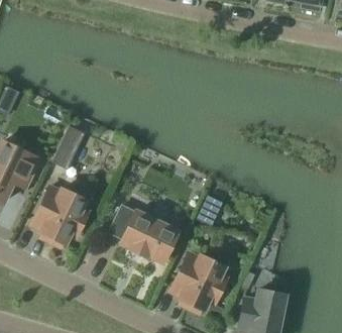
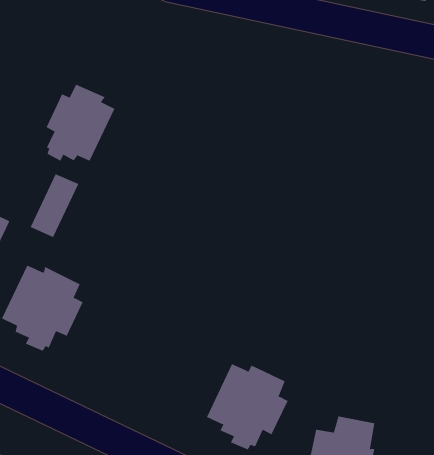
building: none -> [46,84,115,162]
building: [109,206,178,261] -> none

